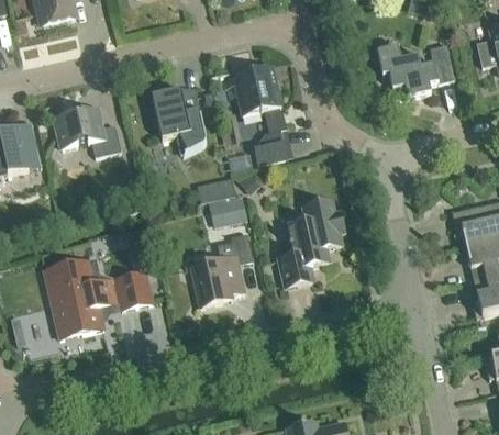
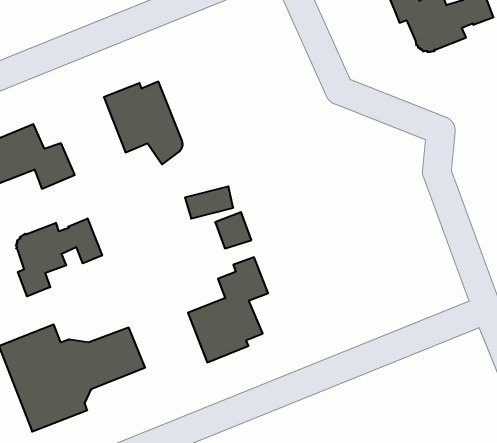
building: [224,67,287,164] -> none
building: none -> [16,218,102,296]
building: [277,199,344,287] -> none

